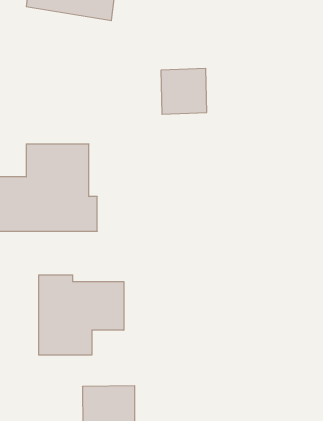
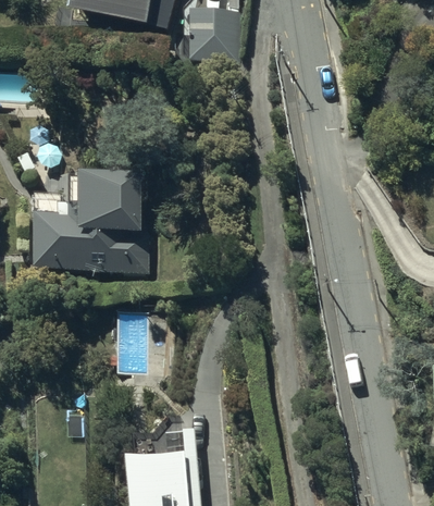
building: [161,68,207,114] -> [188,9,241,62]
building: [39,275,124,355] -> none

